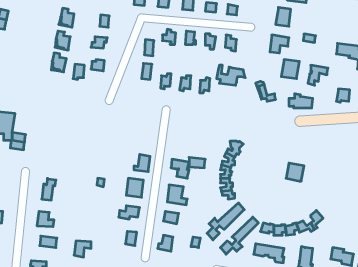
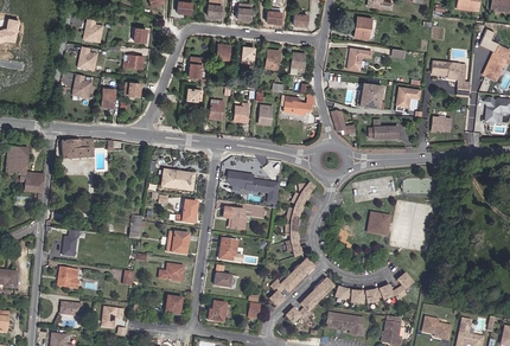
building: none -> [60,140,94,161]
building: none -> [160,168,195,191]
building: none -> [227,169,279,204]

